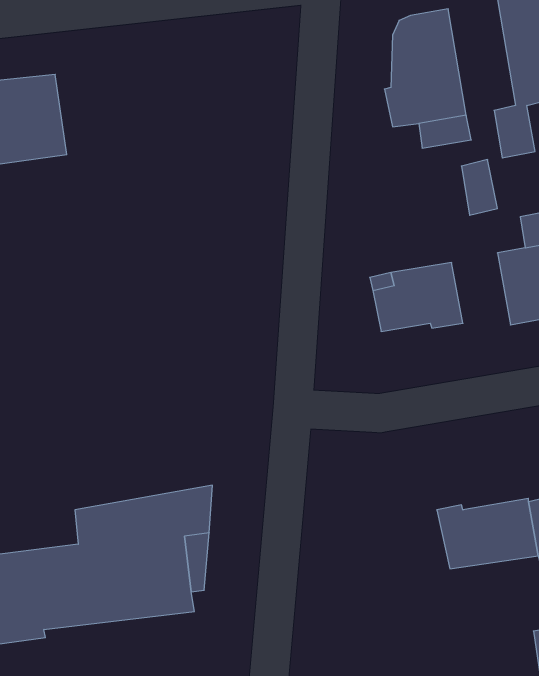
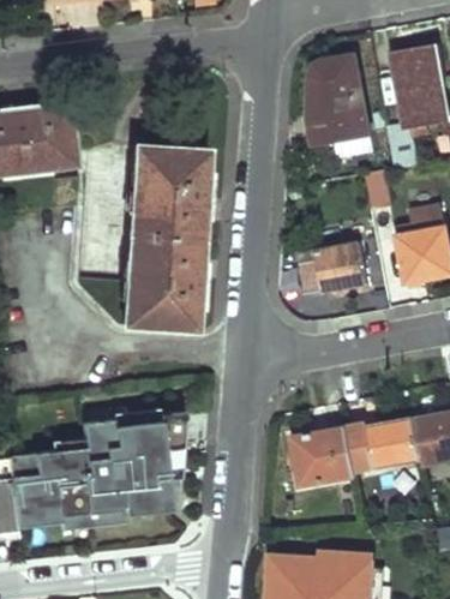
building: none -> [118,148,208,337]
building: none -> [294,425,360,485]

